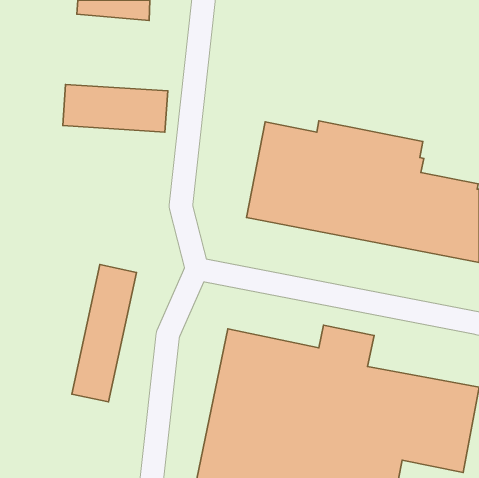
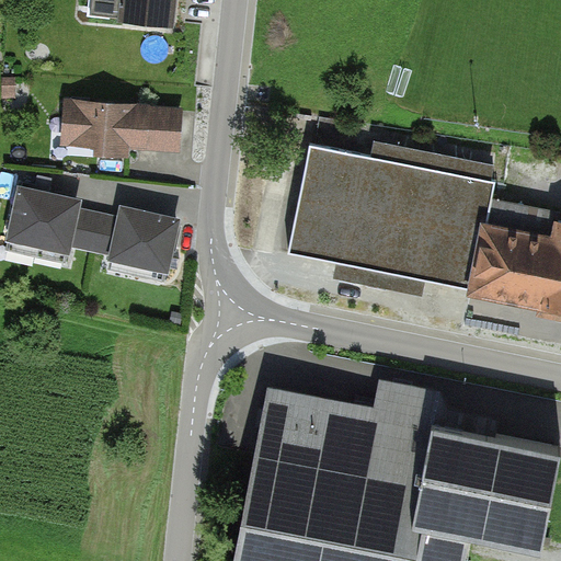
building: none -> [7,187,180,275]
building: [72,265,136,402] -> none

